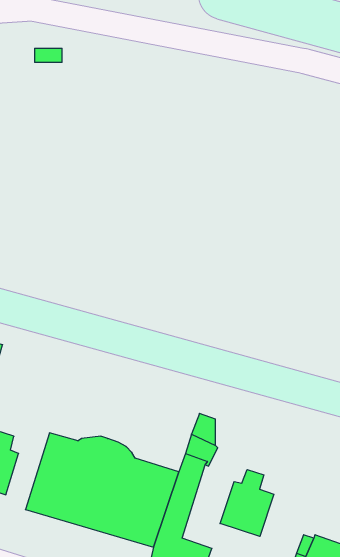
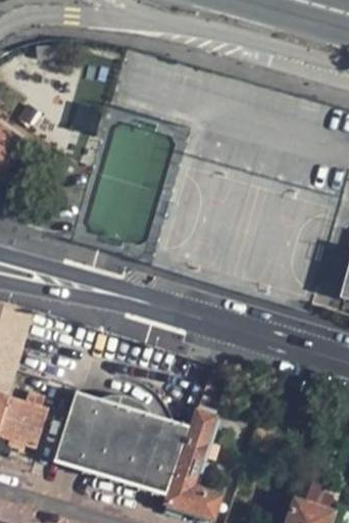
building: [220,470,274,536] -> none

